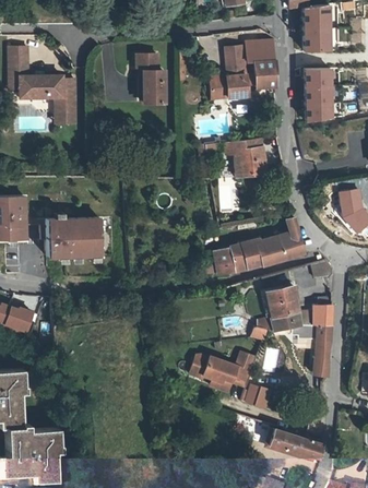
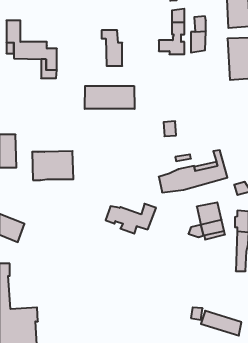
building: none -> [85,86,135,109]
building: [226,136,266,177] -> none
building: [188,352,254,391] -> [106,204,156,234]
building: [245,384,272,409] -> none

